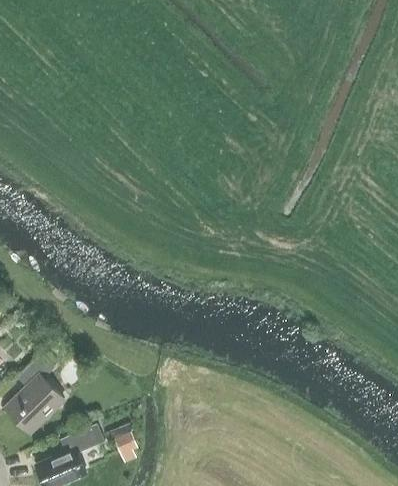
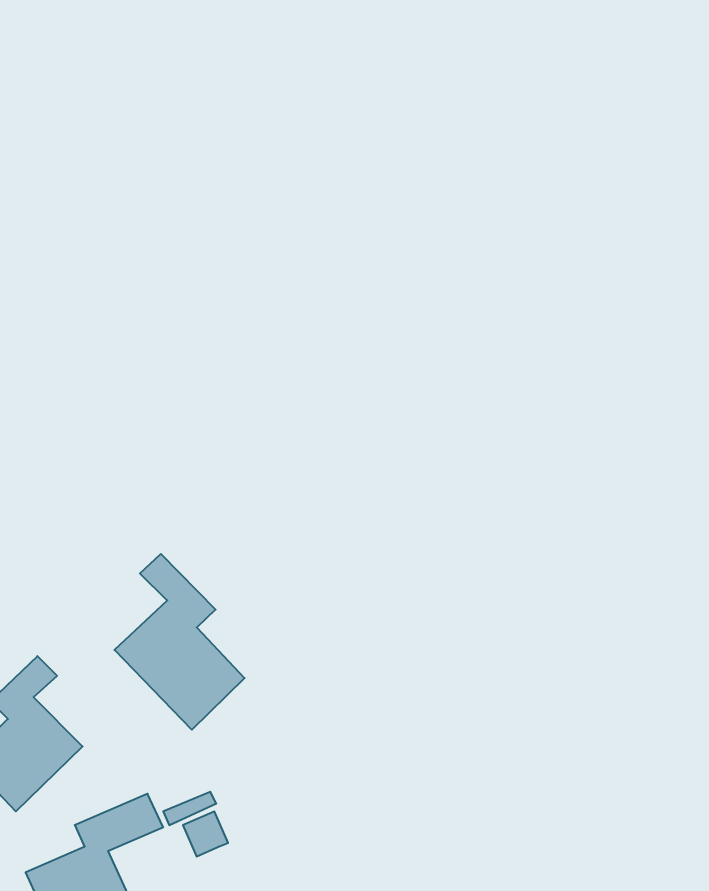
building: none -> [114,554,245,730]

